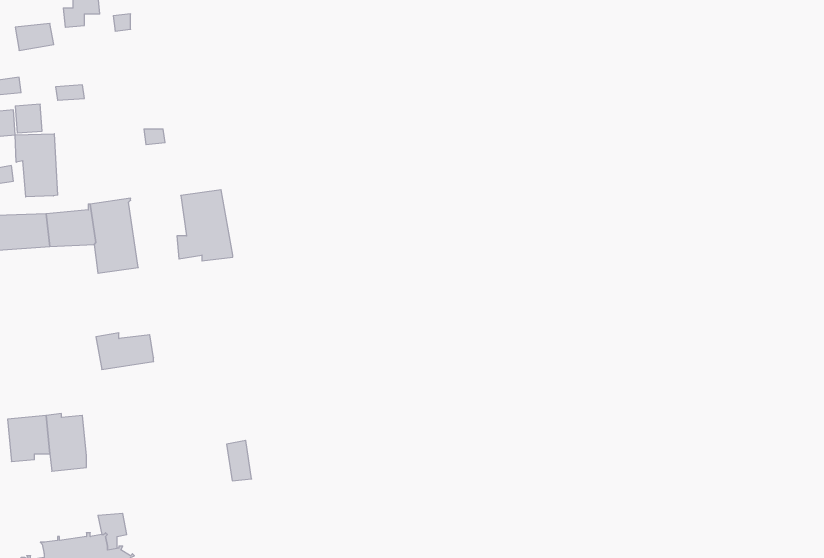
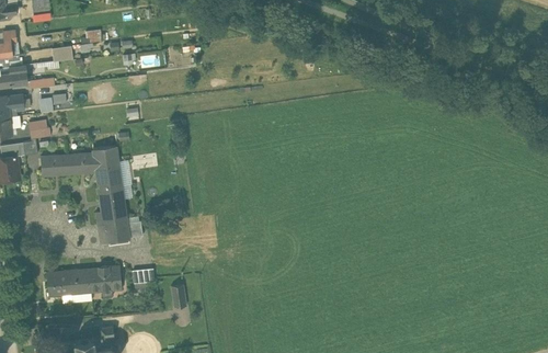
building: [15,134,58,197] -> none
building: [177,190,233,261] -> [96,185,128,226]
building: none -> [90,265,122,293]

